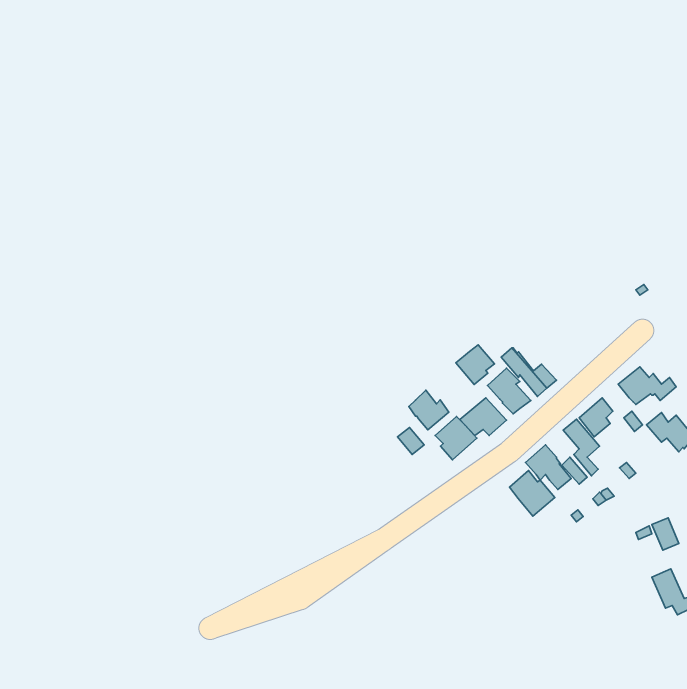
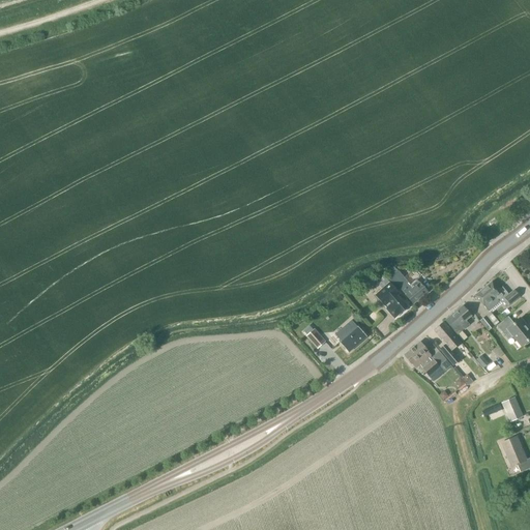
building: [456,345,495,385] -> none
building: [409,390,449,430] -> none
building: [460,398,507,436] -> none
building: [509,471,555,516] -> none

